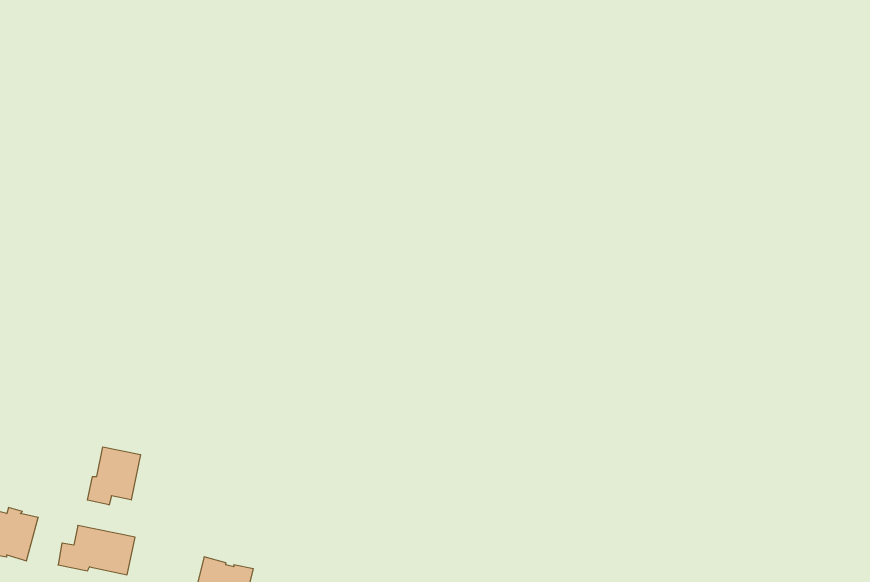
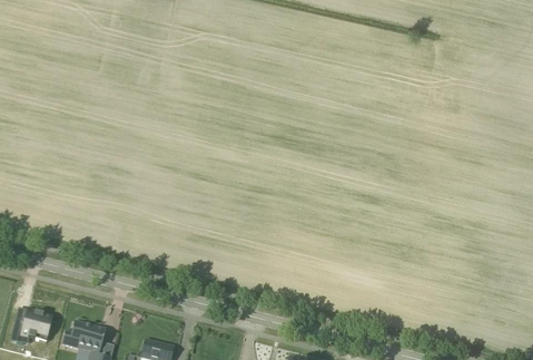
building: [87,447,141,505] -> none

